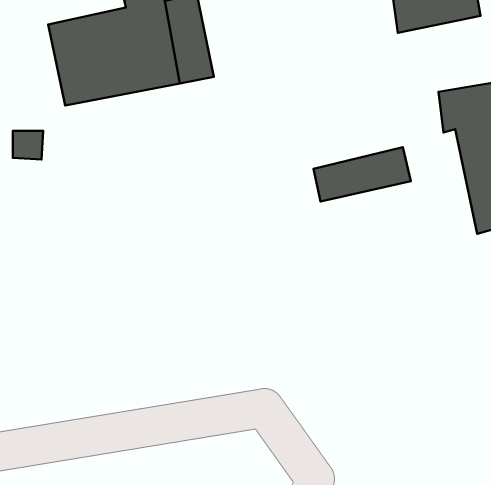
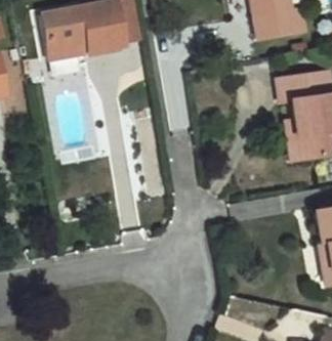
building: [313,147,411,202] -> none

